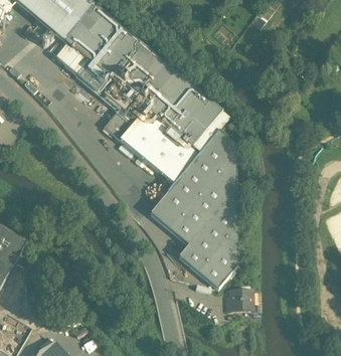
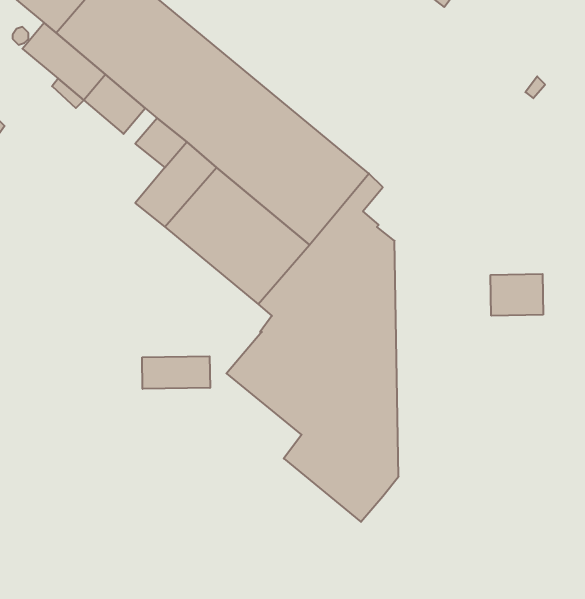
building: none -> [491,274,543,316]
building: none -> [142,356,210,389]
building: [226,290,250,309] -> none

